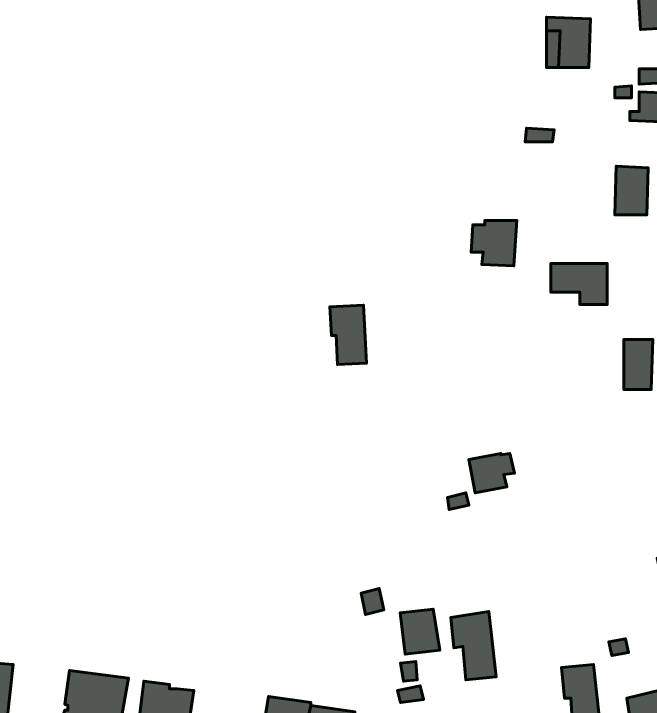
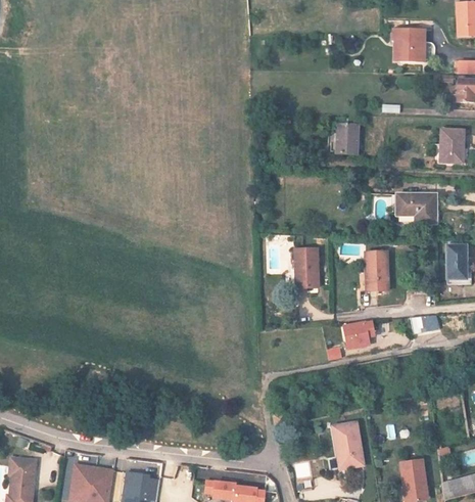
building: [471,220,517,266] -> [328,124,359,154]
building: [330,305,366,365] -> [294,247,319,287]
building: none -> [364,250,388,289]
building: [400,609,440,654] -> none

